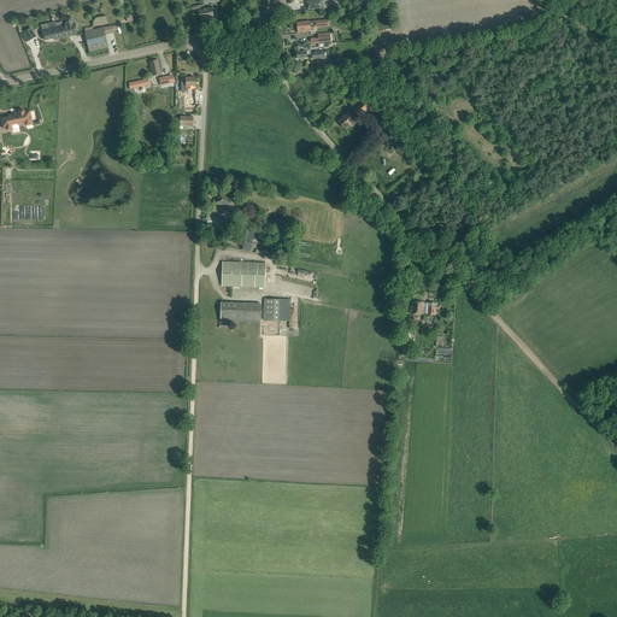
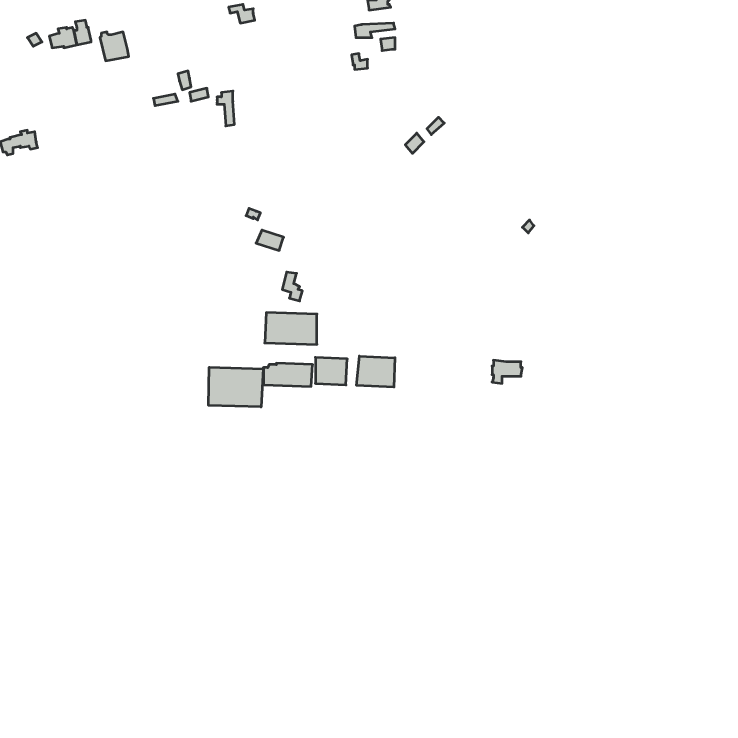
building: none -> [357,356,395,387]
building: none -> [209,367,263,407]

